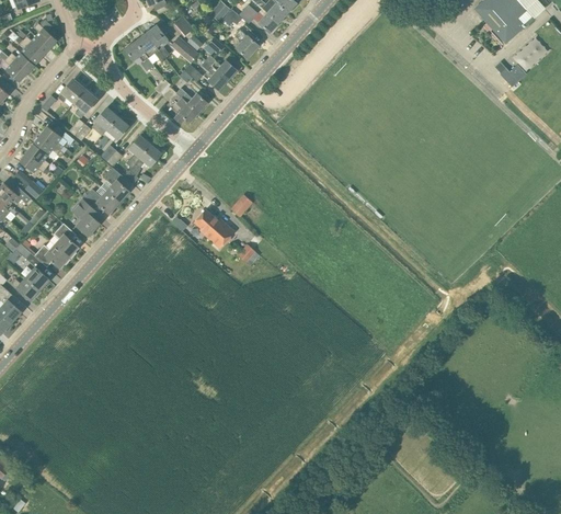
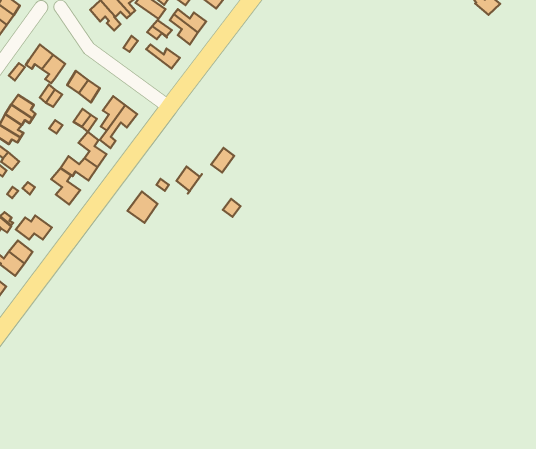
building: [162,87,199,126] -> none
building: [205,218,234,249] -> [128,191,157,223]
building: [54,224,79,258] -> none

